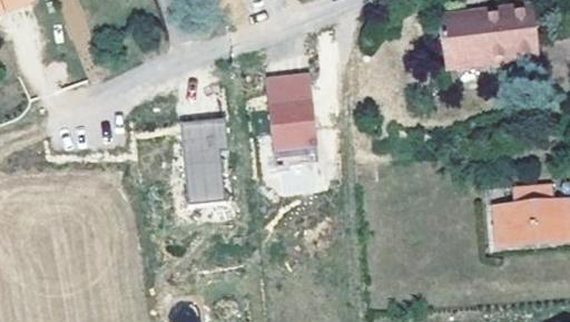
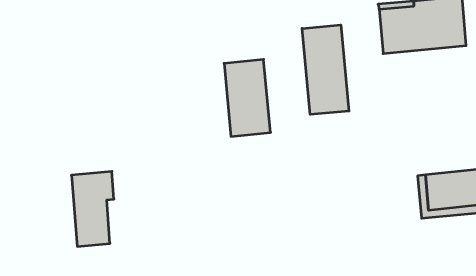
building: none -> [302,25,349,114]
building: [180,110,228,195] -> [71,171,114,246]

